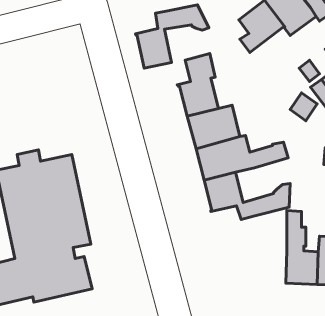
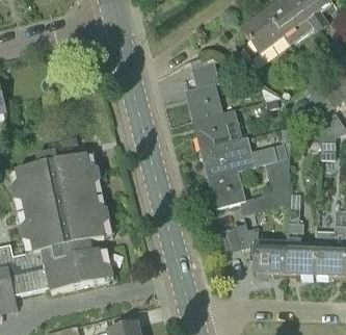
building: [136,5,209,68] -> none
building: none -> [218,211,286,274]

